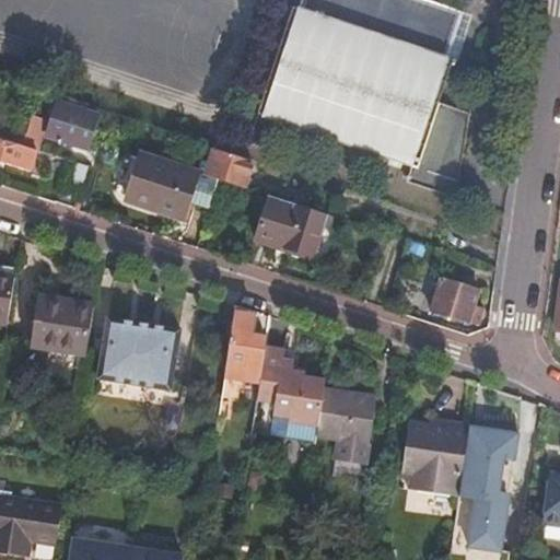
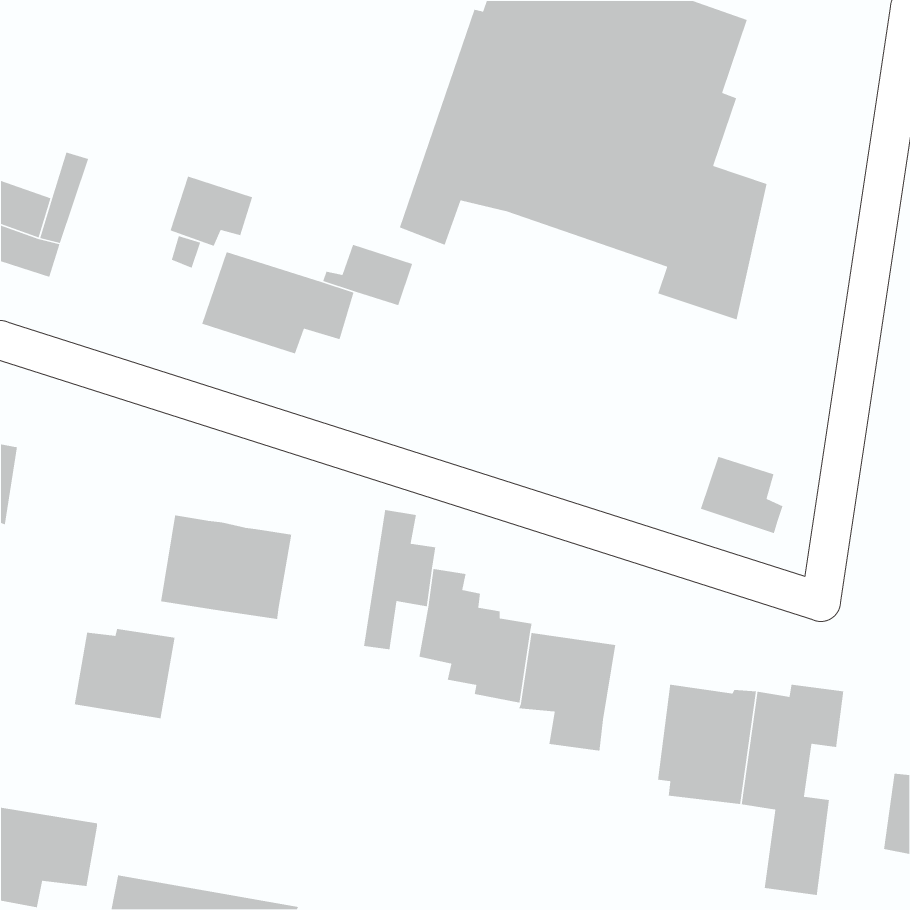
building: [49,102,101,145] -> [170,176,253,247]
building: [257,197,327,255] -> none
building: [31,298,93,353] -> [74,628,175,719]

